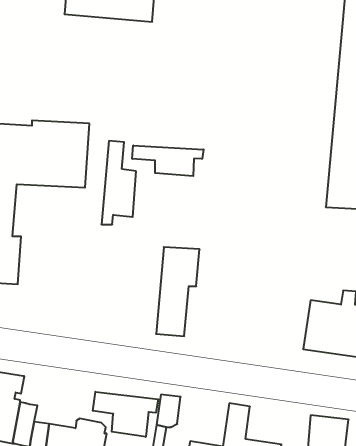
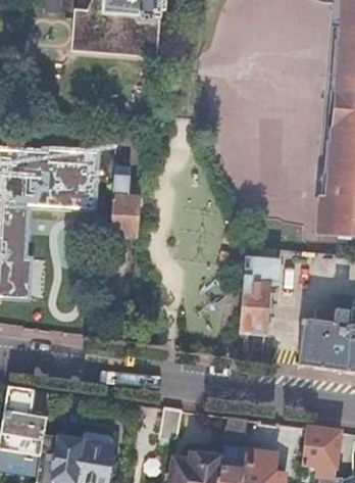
building: [132,145,204,176] -> none
building: [156,247,200,336] -> [239,249,280,333]
building: [93,392,158,437] -> none

